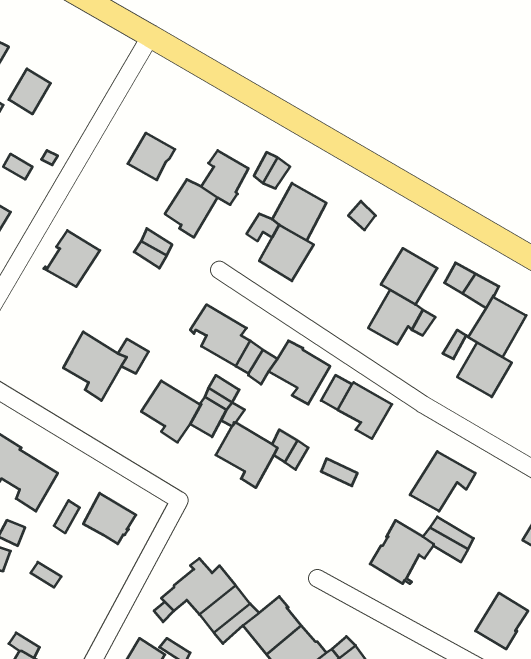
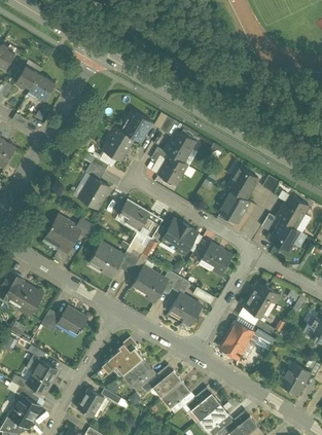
building: [128,133,175,180] -> [29,74,56,101]
building: [44,230,100,287] -> [78,177,110,209]
building: none -> [169,294,202,326]
building: none -> [28,362,58,394]

